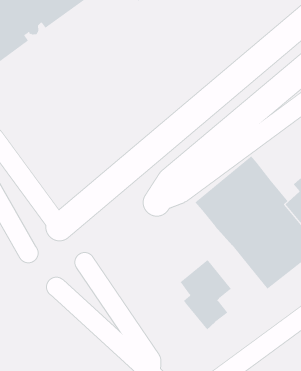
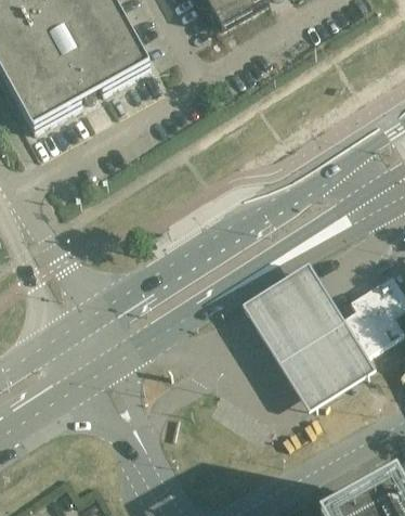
building: [180,259,231,330] -> none

